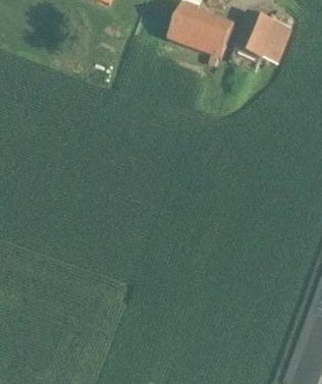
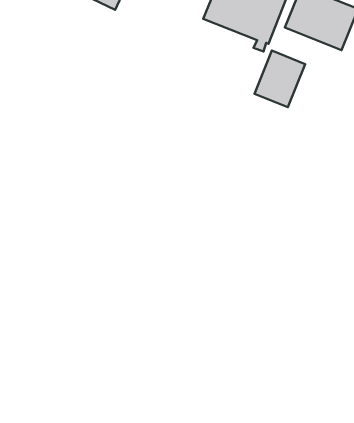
building: none -> [254,51,305,107]

